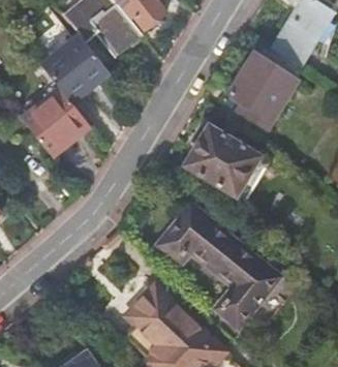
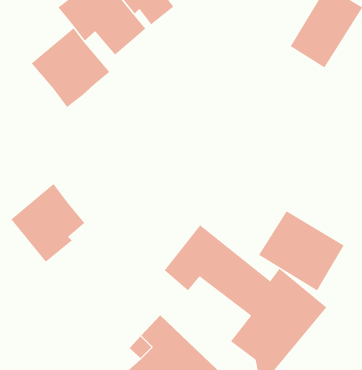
building: [228,41,301,129] -> none
building: [22,85,88,155] -> [11,183,85,263]
building: [184,126,260,197] -> [258,211,344,291]

